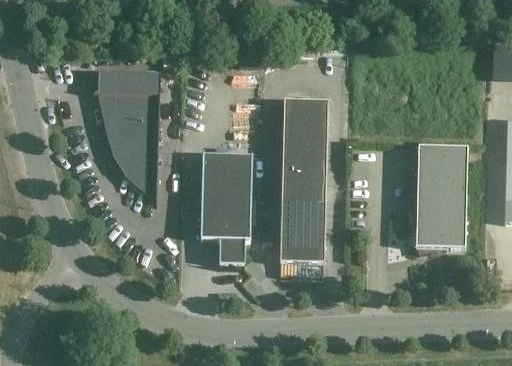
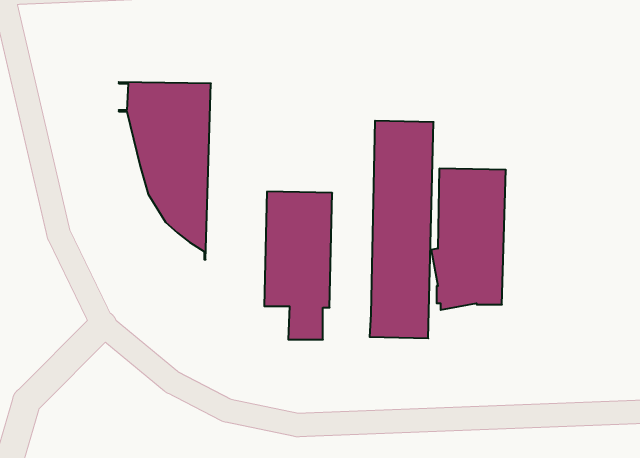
building: [411,145,467,251] -> [431,169,506,310]

